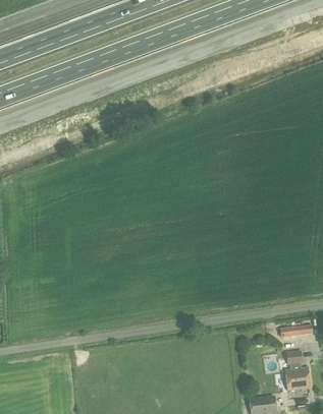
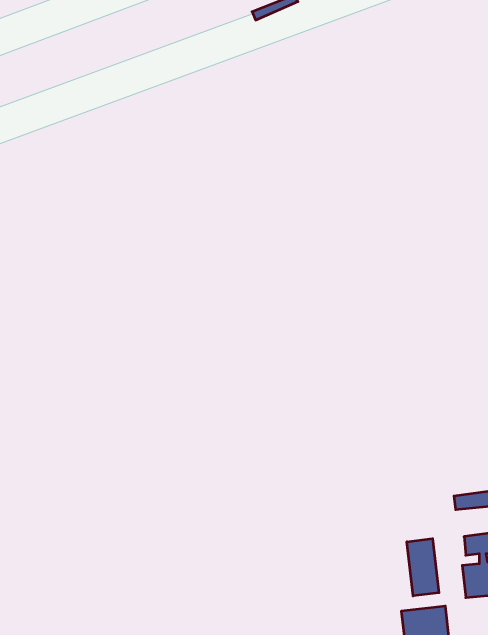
building: none -> [407,539,439,596]

